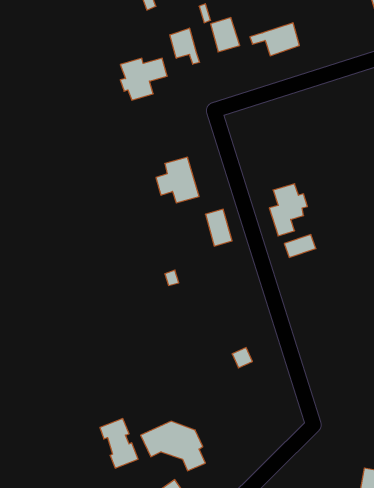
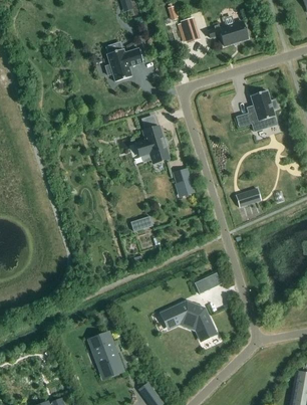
building: [170,28,199,64] -> none
building: [269,184,307,236] -> [247,90,277,132]
building: [141,421,205,471] -> [162,299,213,339]

